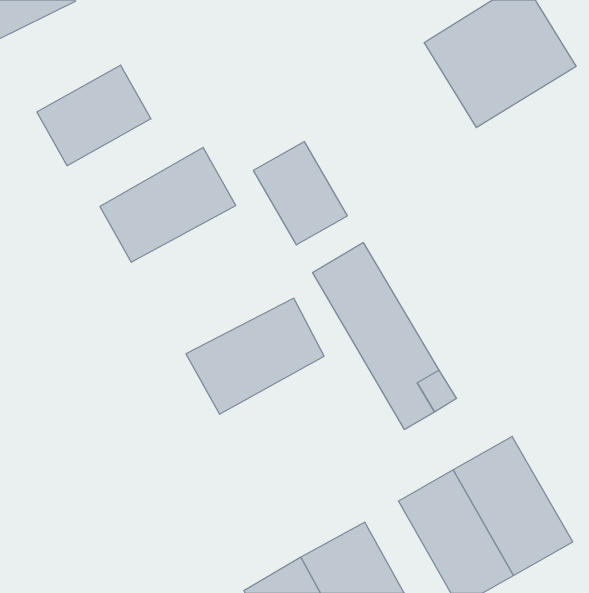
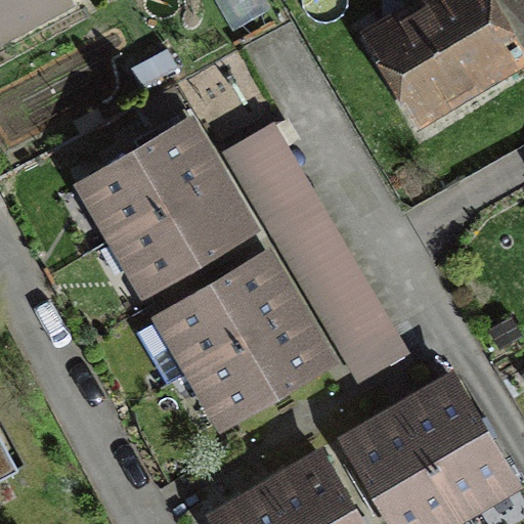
building: [37,65,151,166] -> none
building: none -> [116,181,235,282]
building: none -> [193,314,313,414]

